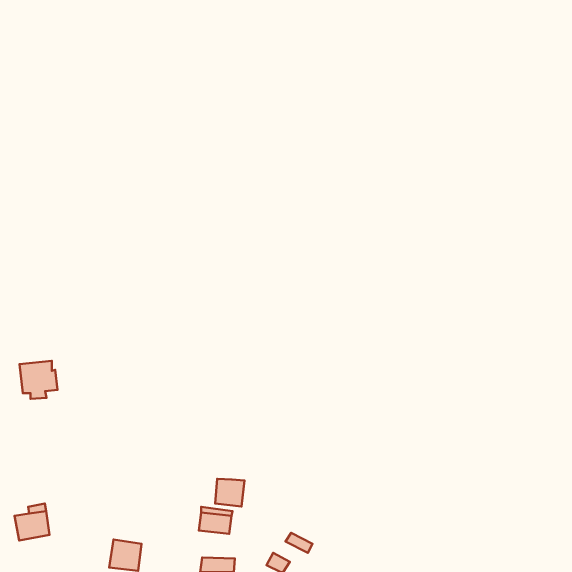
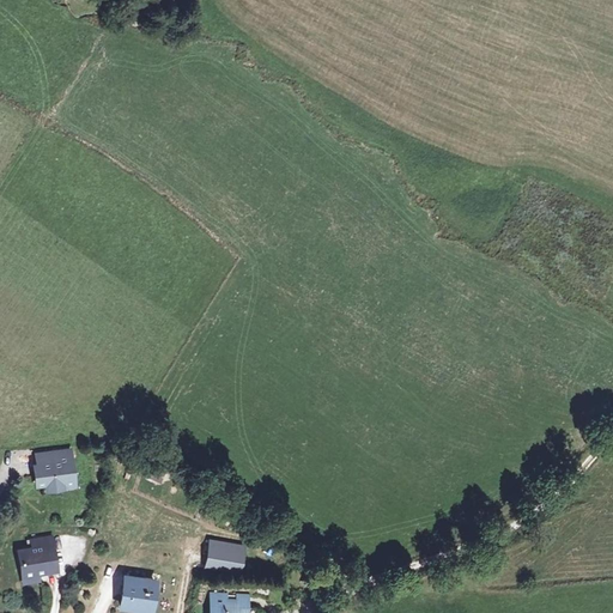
building: [19,361,58,399] -> [35,451,75,492]
building: [215,479,244,507] -> none

